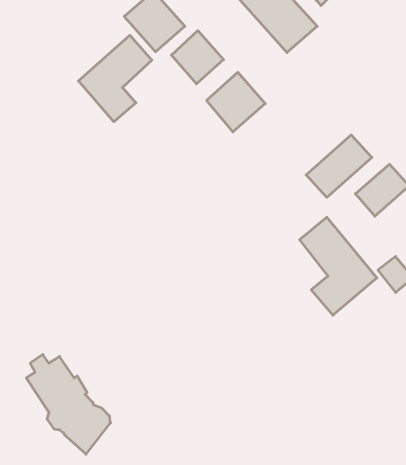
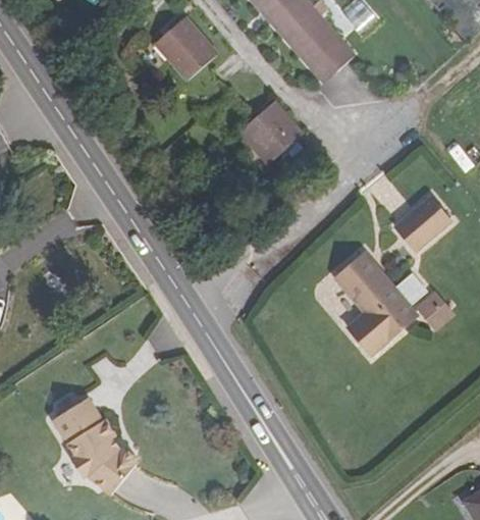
building: [171,31,224,84] -> none
building: [78,35,152,122] -> none
building: [306,135,372,197] -> none

